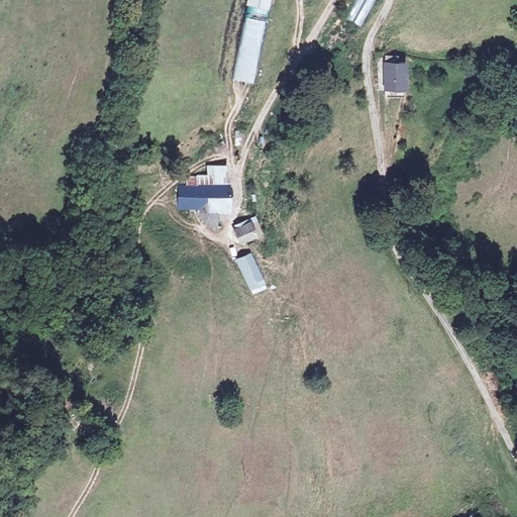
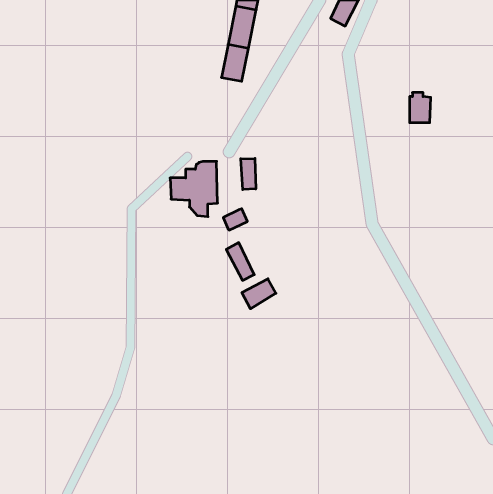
building: [384,57,406,88] -> [410,93,431,123]
building: none -> [241,158,256,190]
building: none -> [242,279,276,309]

